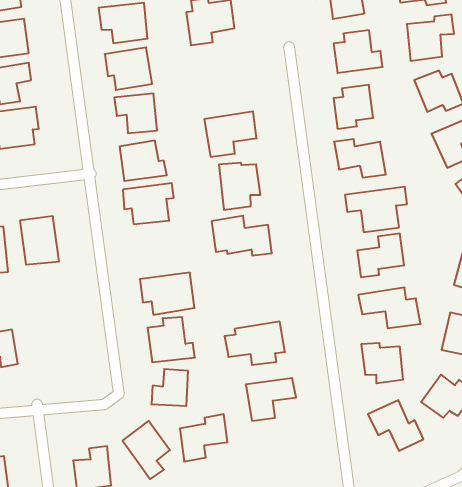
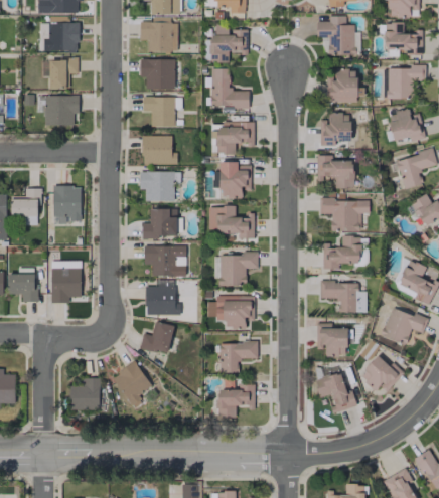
building: none -> [210,68,249,107]
building: none -> [141,208,177,237]
building: none -> [220,253,258,286]
building: none -> [51,261,81,302]
building: [180,414,228,462] -> [217,383,255,418]

